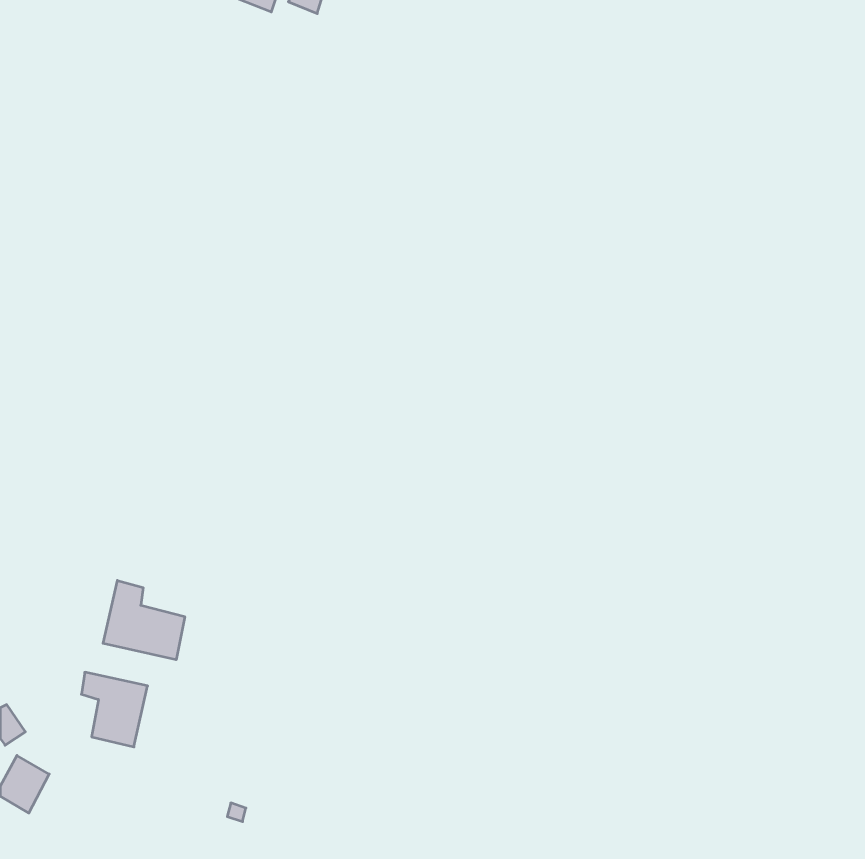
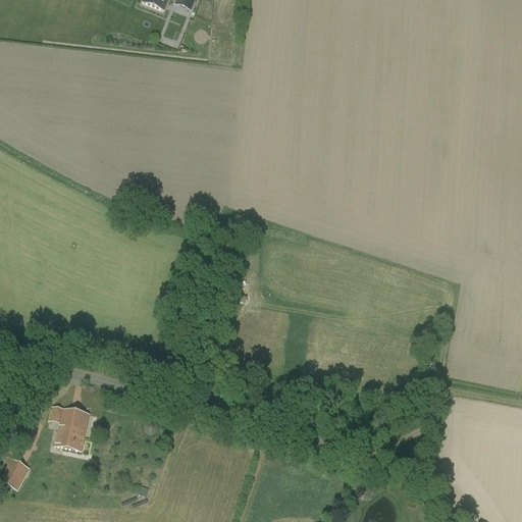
building: [103,580,185,660] -> none

